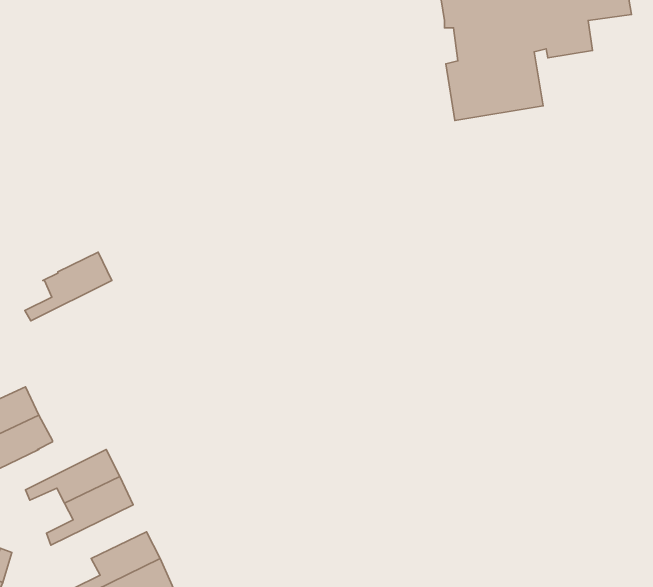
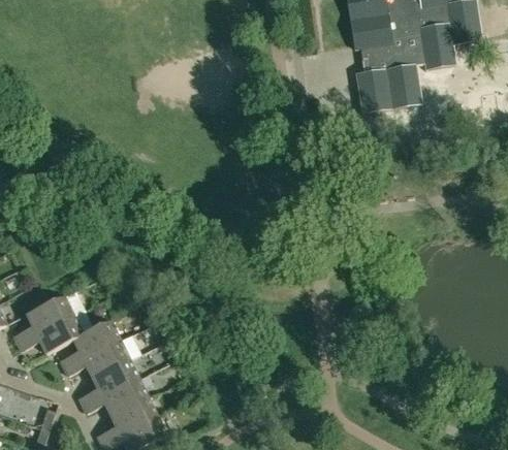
building: [25,252,112,321] -> [60,320,120,367]
building: none -> [82,378,148,415]

